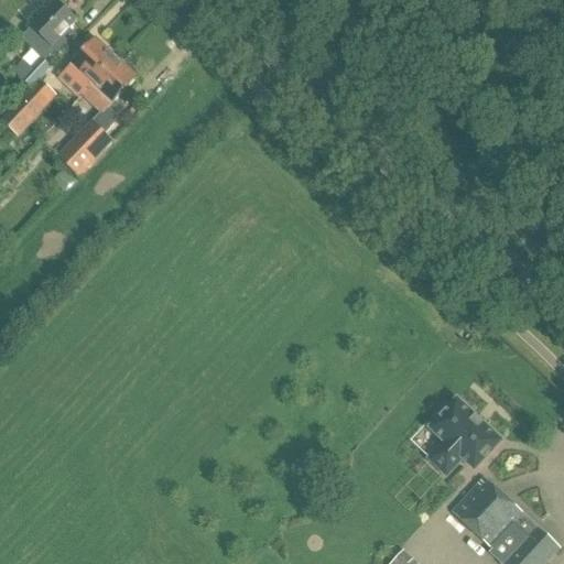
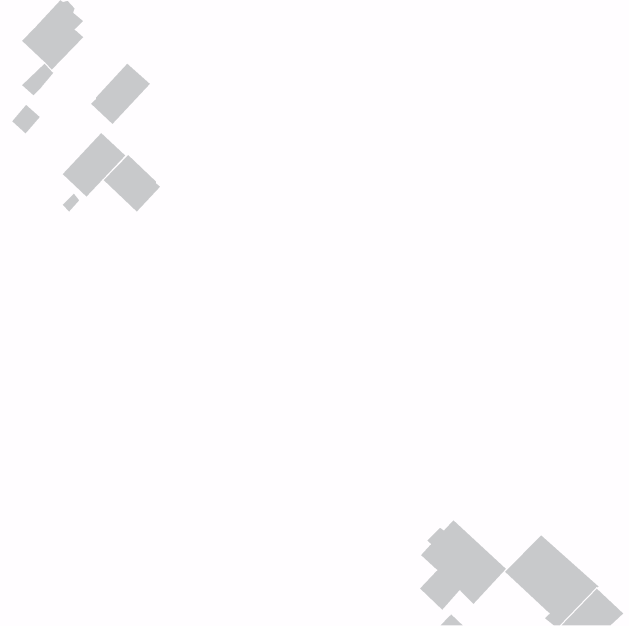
building: [64,37,113,87] -> none
building: none -> [103,154,161,212]
building: [424,395,502,477] -> [419,519,507,611]

